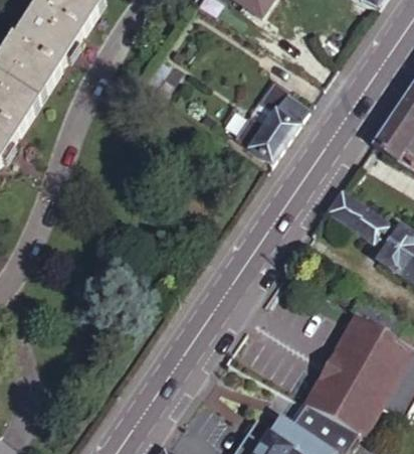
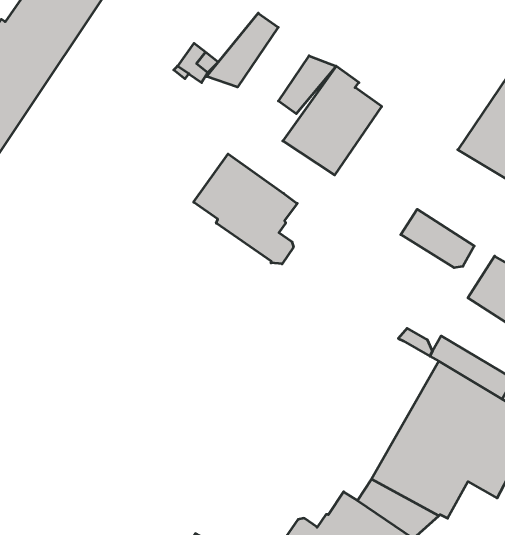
building: none -> [206,13,278,87]
building: none -> [278,56,336,114]
building: none -> [194,154,297,264]

